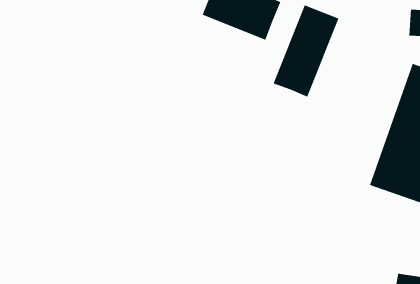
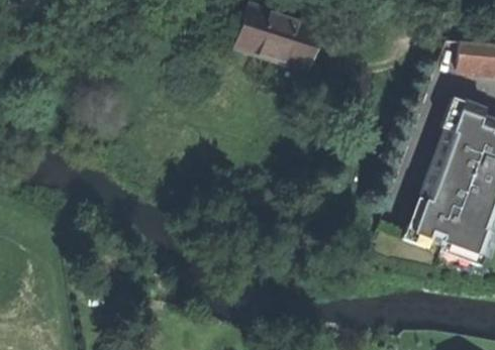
building: [273,5,339,98] -> none

